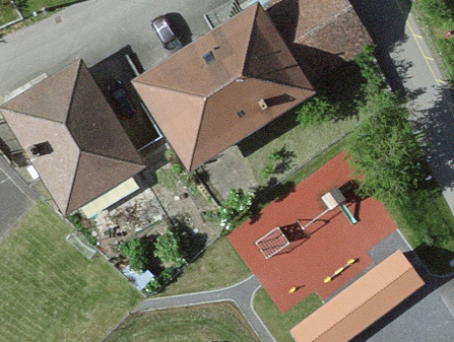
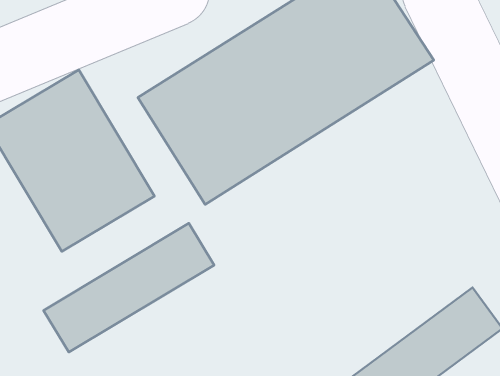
building: none -> [44,223,214,352]

